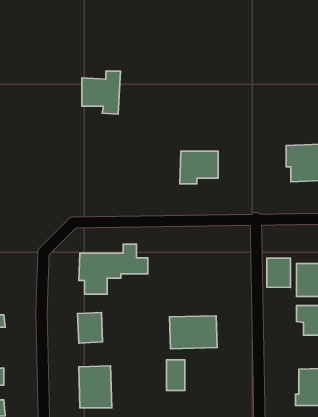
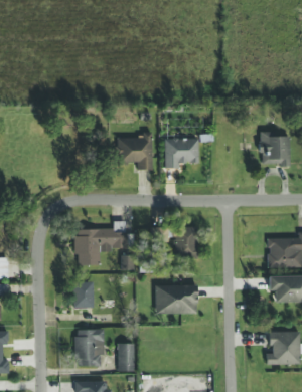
building: [82,71,120,114] -> [119,132,153,170]
building: none -> [174,226,198,255]
building: [267,258,290,288] -> none
building: [167,360,185,391] -> [118,343,134,370]

